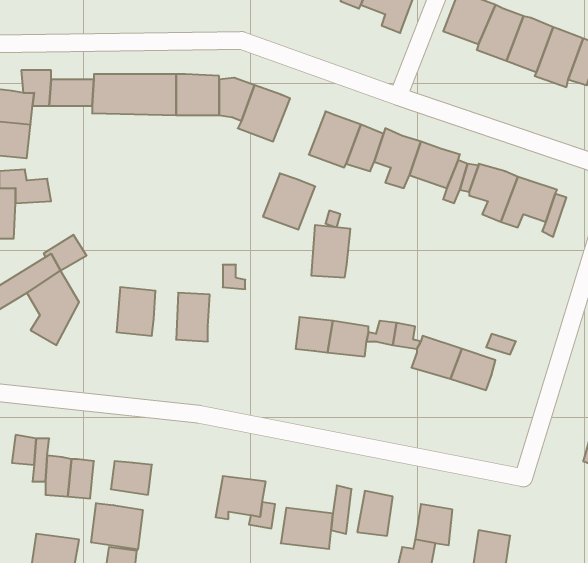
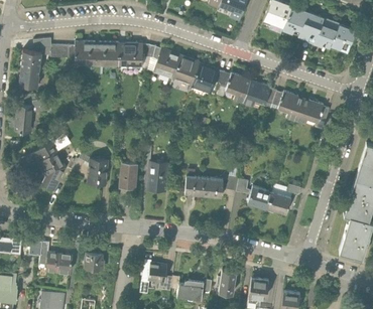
building: [263,173,315,230] -> [171,55,200,86]
building: [311,225,350,277] -> [147,160,168,188]
building: [91,503,143,550] -> none

